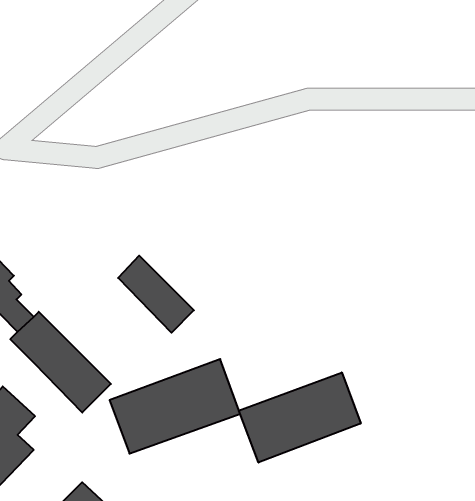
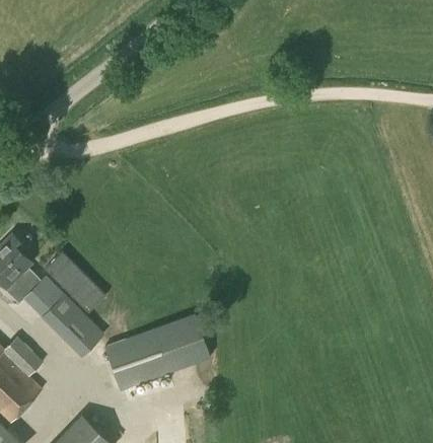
building: [118,256,194,333] -> [44,252,105,315]
building: [239,372,361,463] -> none

